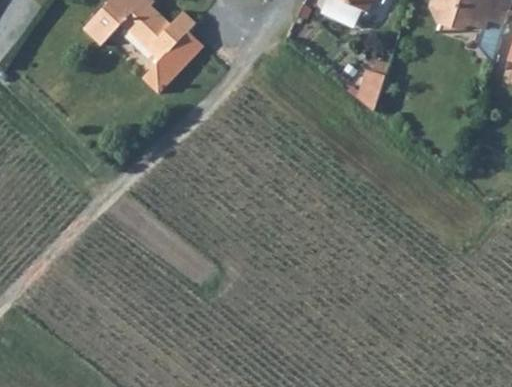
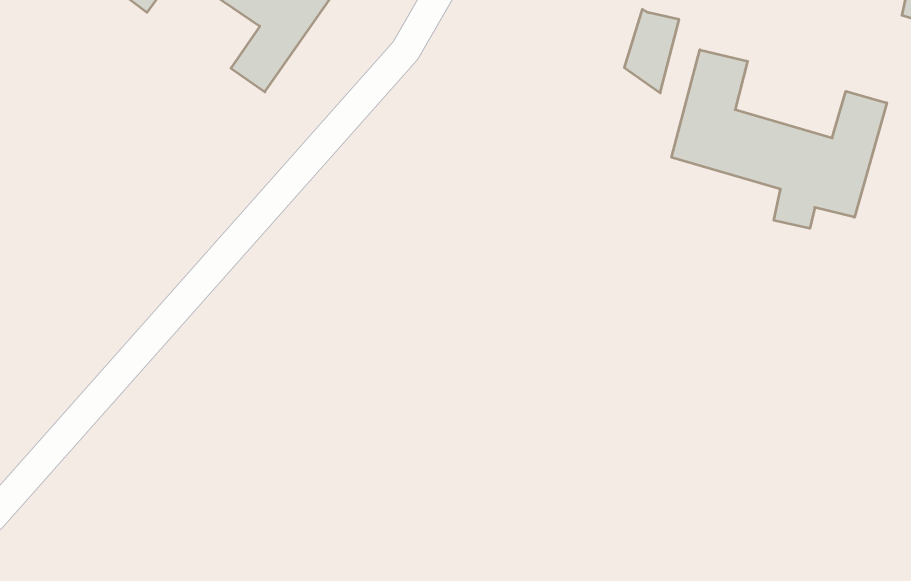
building: none -> [672,50,887,228]

